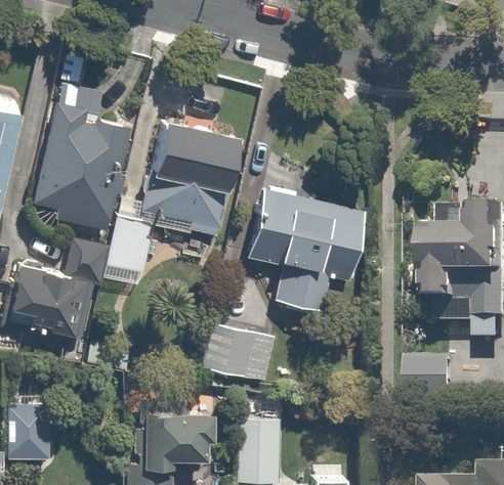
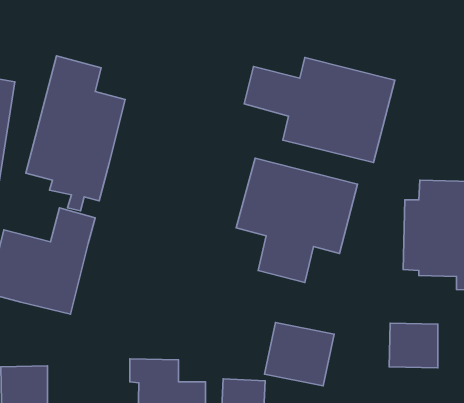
building: none -> [244,57,395,162]
building: [95,118,244,288] -> none
building: [204,321,276,387] -> [265,322,334,386]

